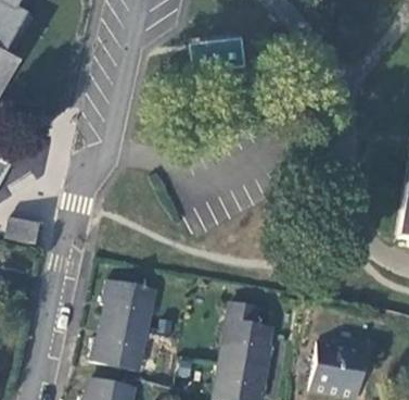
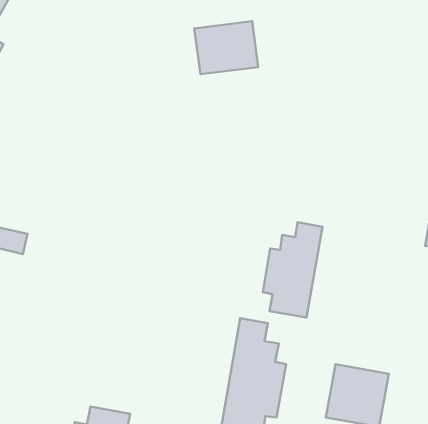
building: none -> [263,222,322,317]
building: [91,279,154,371] -> none

